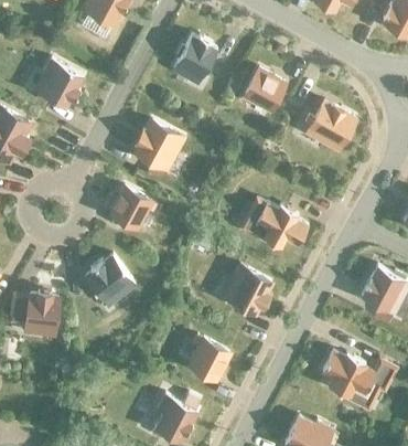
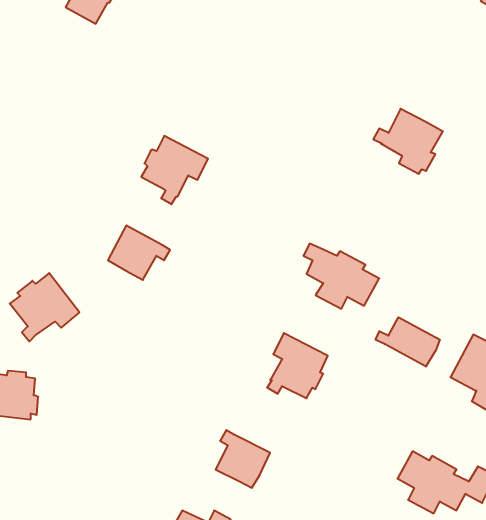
building: [172,36,216,77] -> none
building: [36,60,83,108] -> none
building: [240,70,283,110] -> none
building: none -> [376,317,440,367]
building: [84,256,135,306] -> [10,273,79,341]

